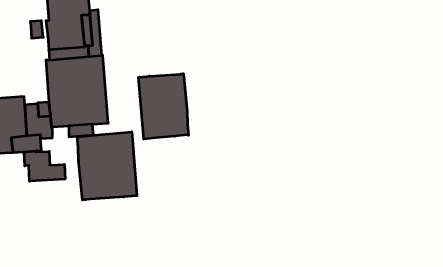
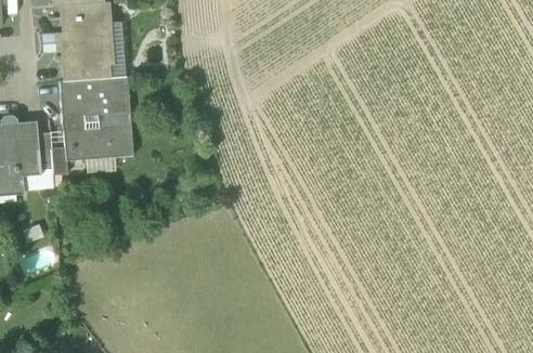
building: [139,74,188,139] -> none
building: [77,132,137,200] -> none
building: [24,151,65,181] -> none

